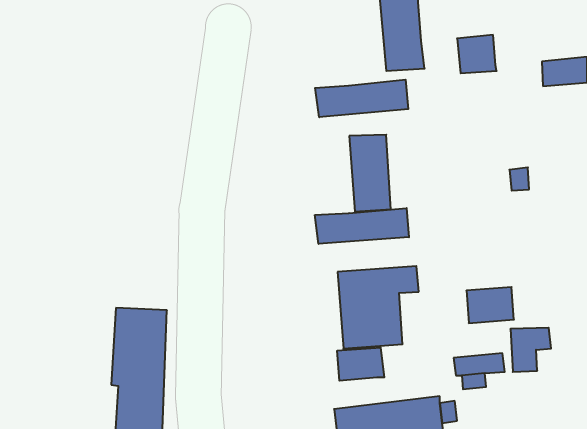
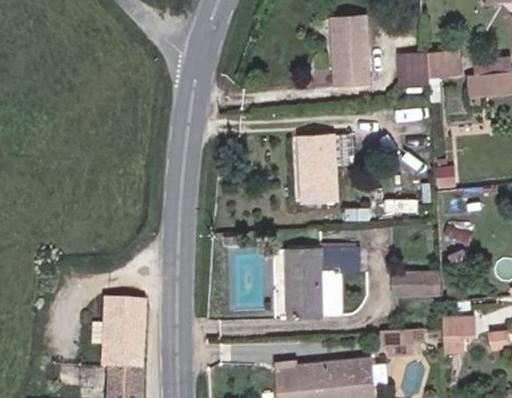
building: none -> [425,51,456,79]
building: [315,80,408,117] -> none
building: [315,208,409,244] -> none
building: [337,347,384,381] -> none

